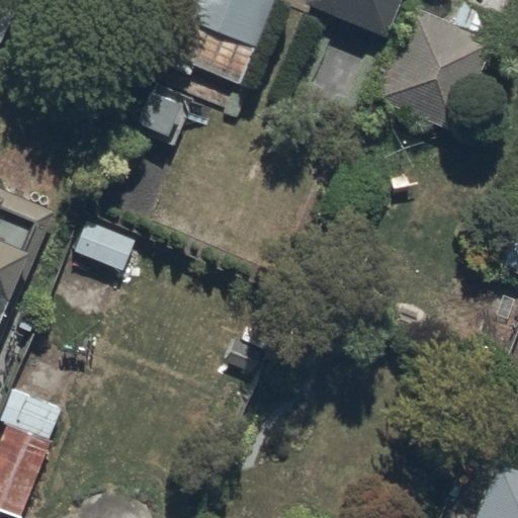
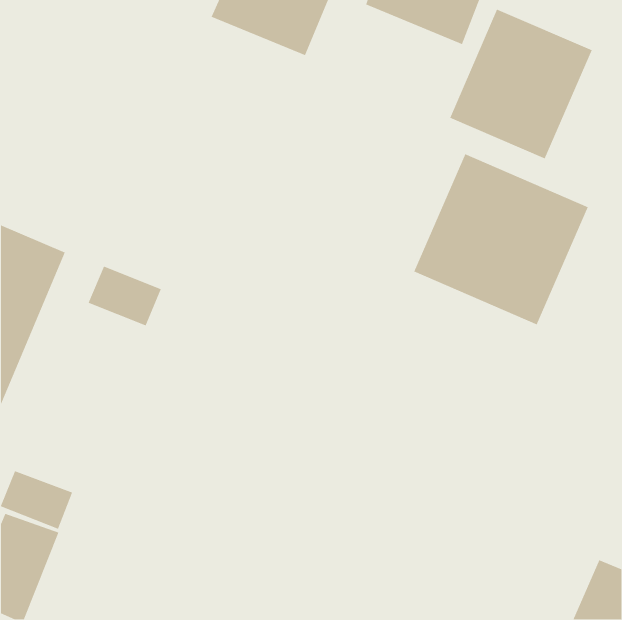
building: none -> [413,153,589,326]

